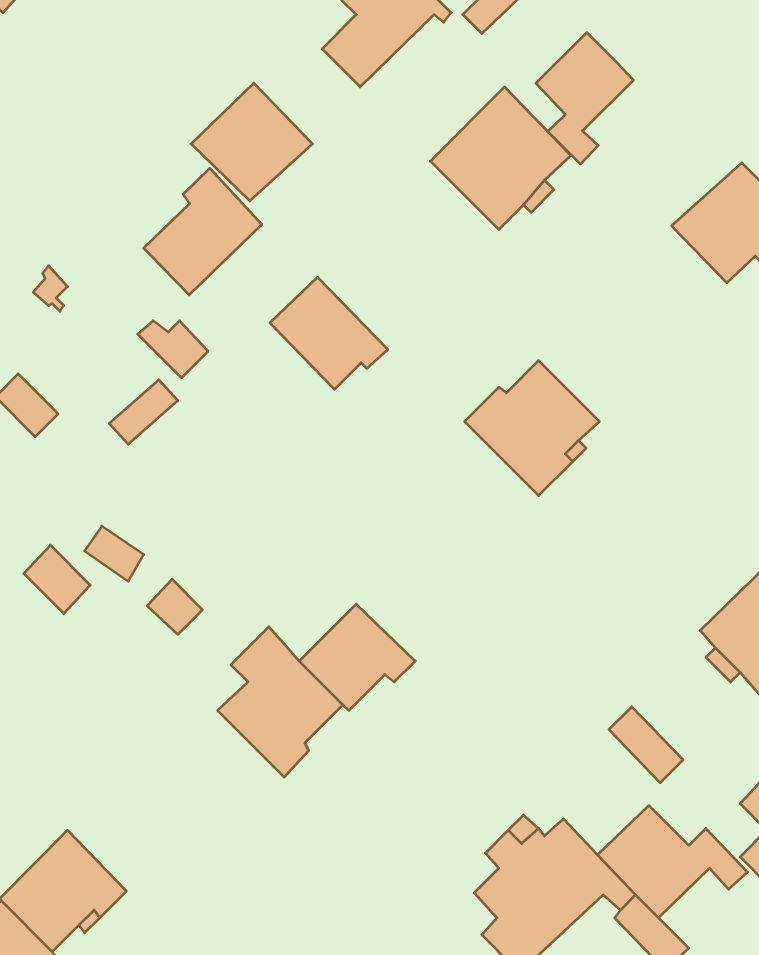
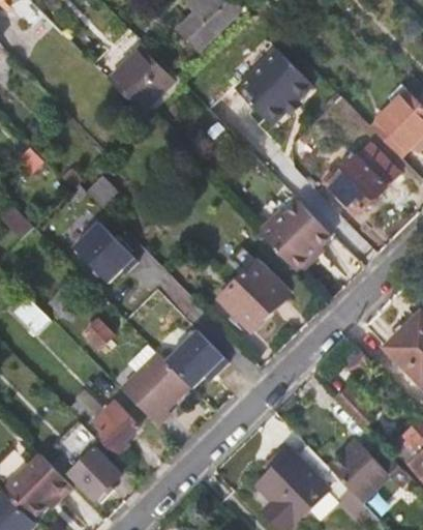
building: [536,33,633,164] -> none
building: [144,168,262,295] -> none
building: none -> [322,147,397,212]
building: [270,277,388,389] -> [72,223,137,284]
building: none -> [217,258,292,331]
building: none -> [68,400,139,458]
building: none -> [68,447,122,499]

